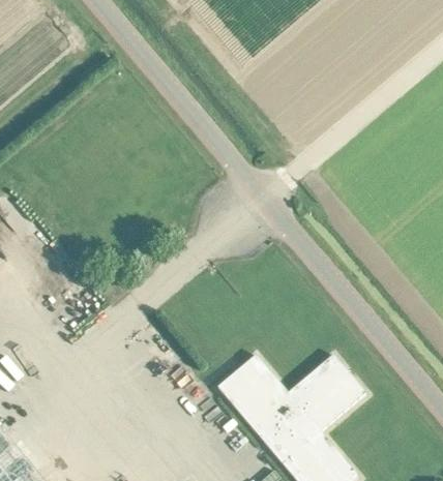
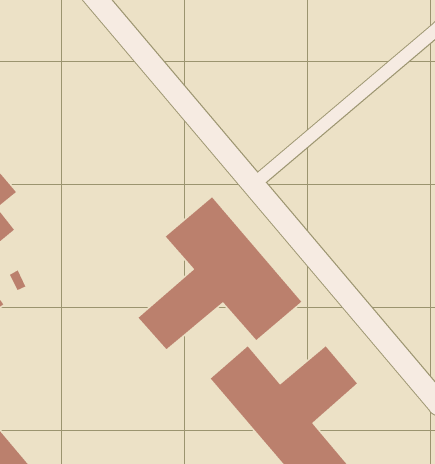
building: none -> [138,196,303,350]

